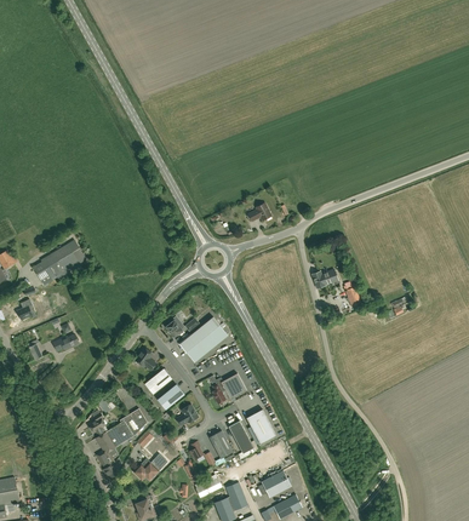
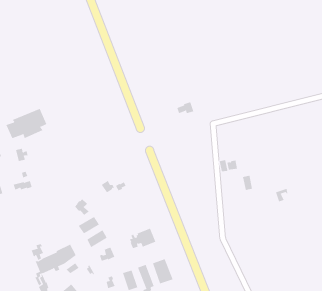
building: [179,317,227,360] -> none

